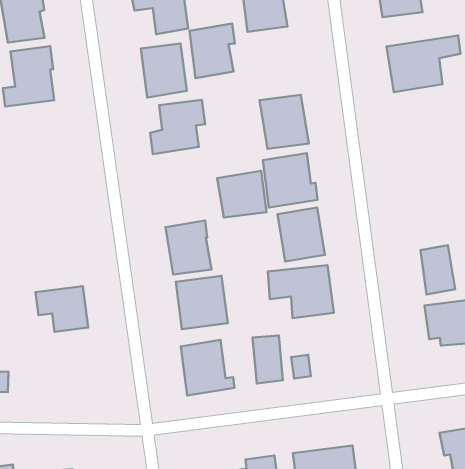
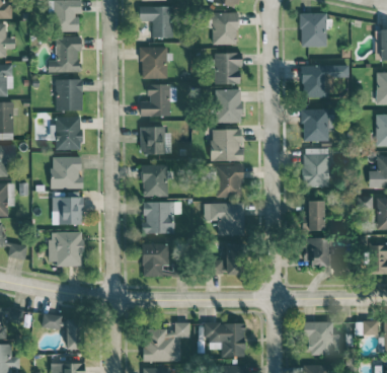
building: [189,24,235,78] -> [215,53,243,85]
building: none -> [302,110,334,141]
building: none -> [55,79,83,110]
building: none -> [303,148,334,188]
building: none -> [50,117,81,150]
building: [217,171,267,218] -> [140,127,169,154]
building: none -> [51,157,81,189]
building: [253,336,283,383] -> [226,244,244,275]
building: none -> [49,232,83,267]

